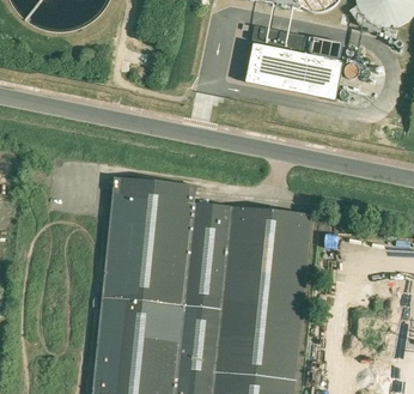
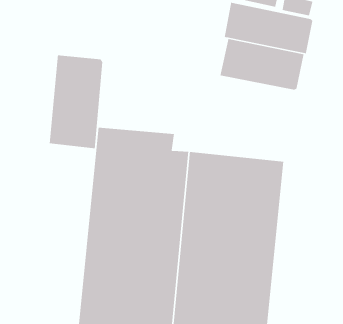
building: none -> [220,38,305,90]
building: none -> [49,55,103,149]

